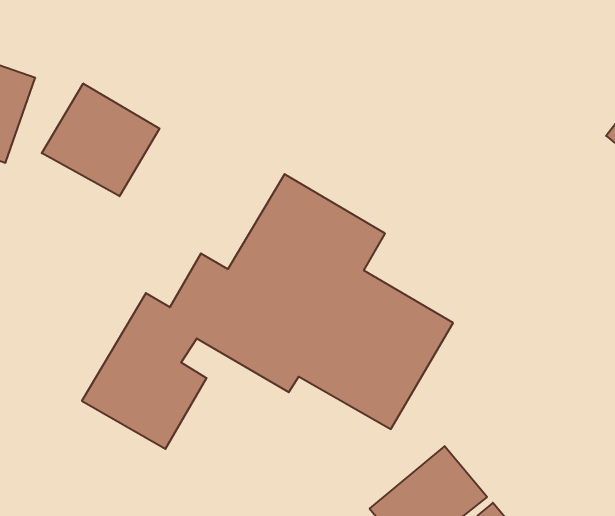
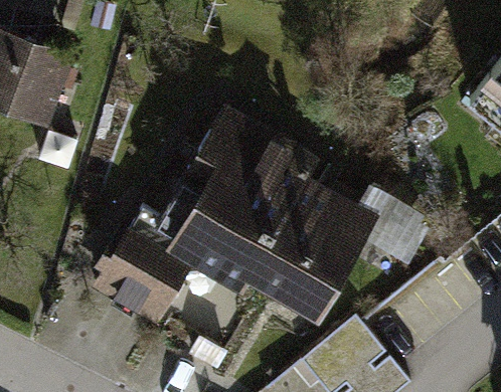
building: [42,83,159,196] -> none

